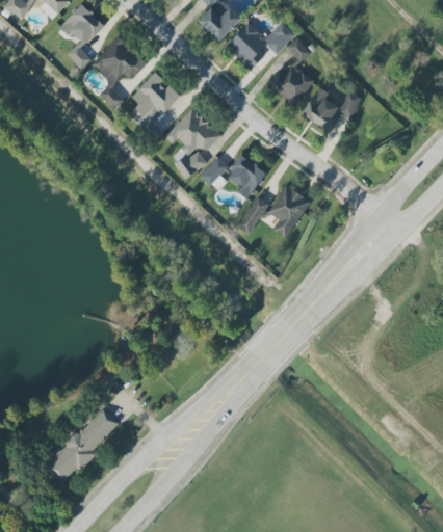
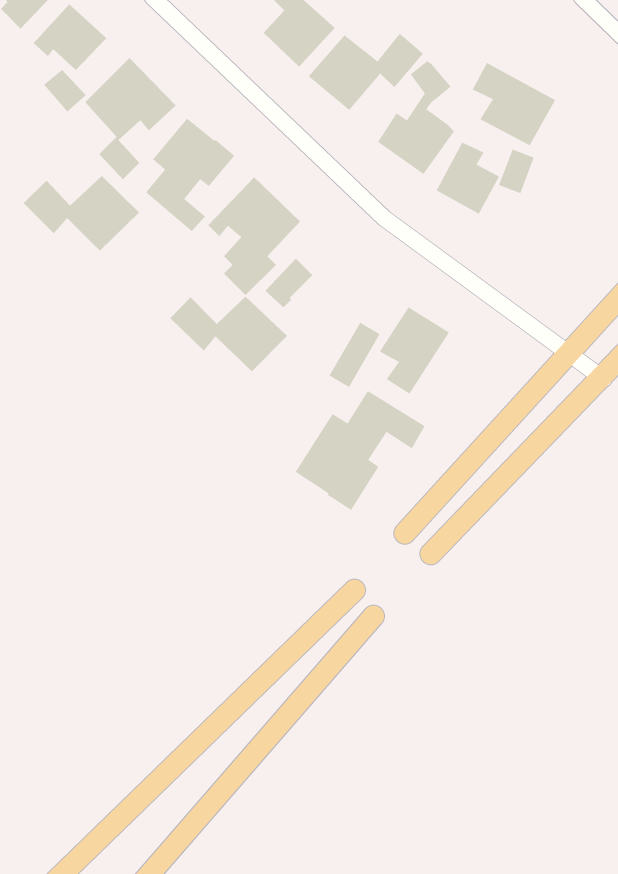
building: none -> [472,62,556,146]
building: none -> [23,175,140,252]
building: [227,155,267,198] -> none
building: none -> [169,296,288,372]
building: none -> [295,390,426,511]
building: [47,406,121,482] -> none

